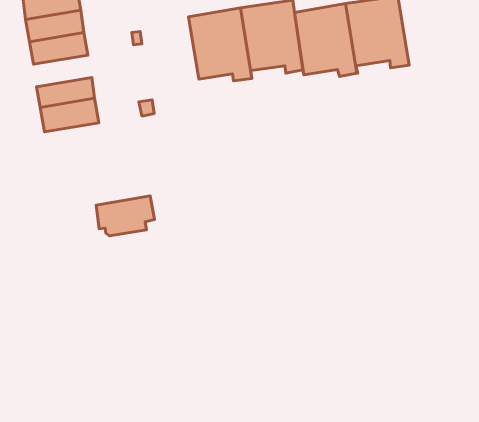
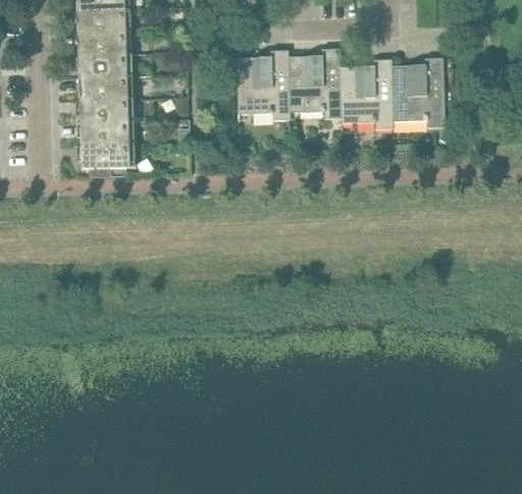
building: none -> [79,78,134,103]
building: [96,196,154,236] -> [81,146,136,179]

